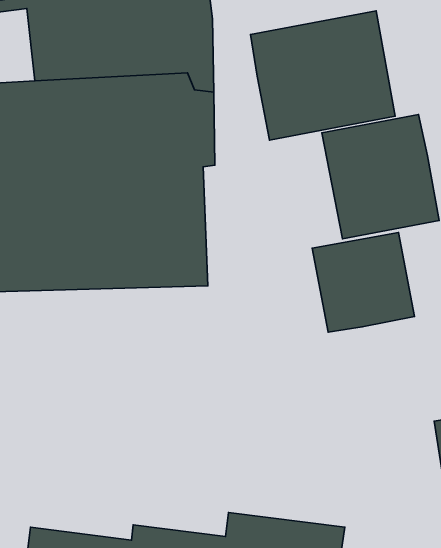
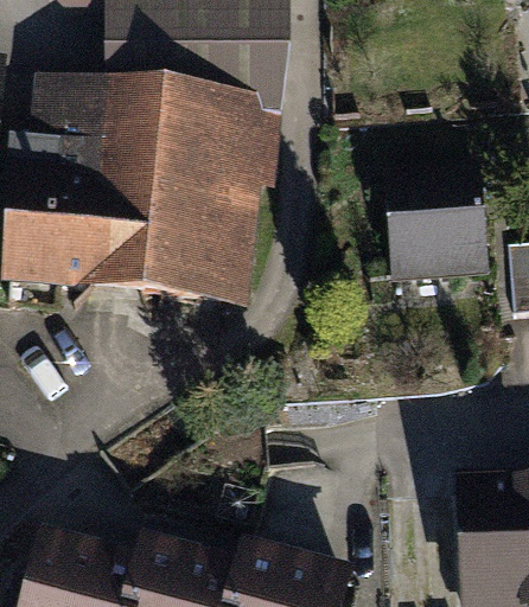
building: [251,11,395,140] -> none
building: [312,233,414,332] -> none

